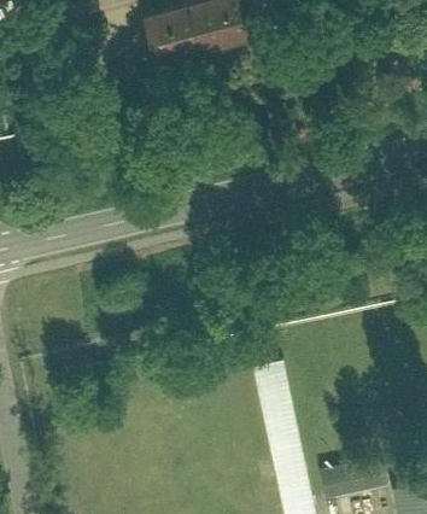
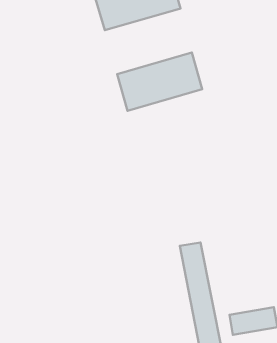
building: none -> [117,53,202,111]

